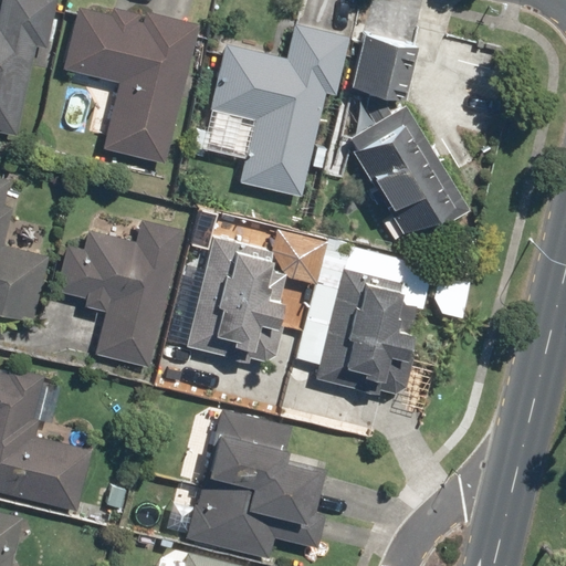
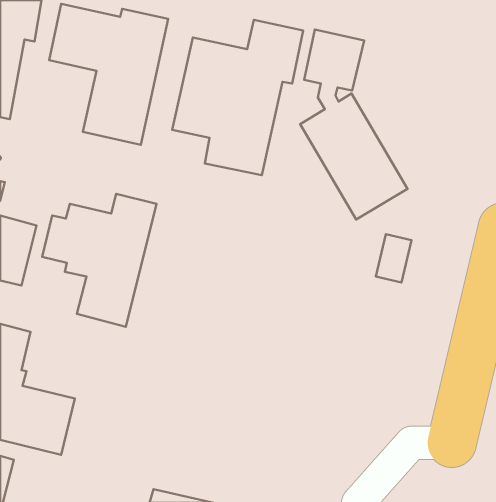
building: [184,232,293,366] -> none
building: [298,237,434,400] -> none
building: [185,409,335,558] -> none

